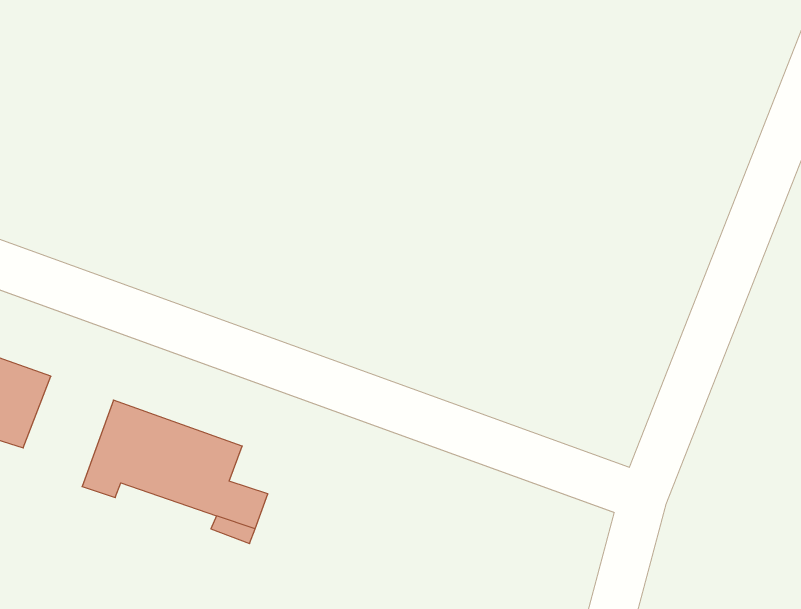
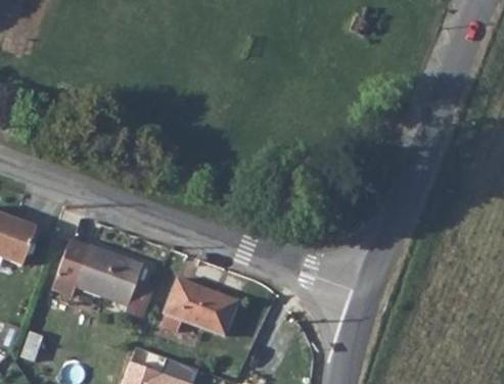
building: none -> [164,278,242,334]

